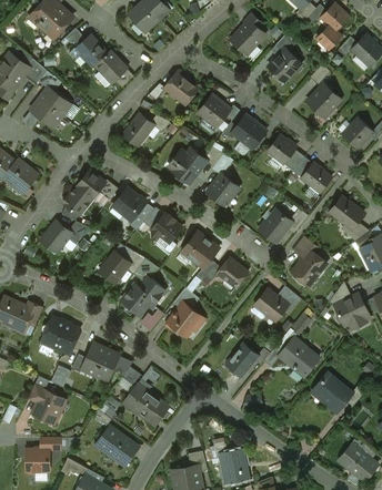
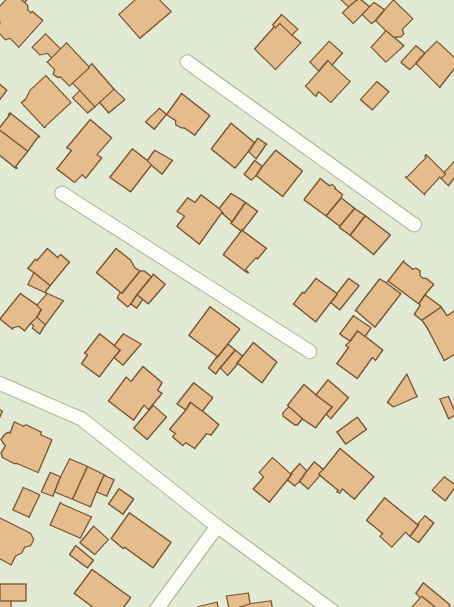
building: none -> [21,76,71,128]
building: [306,83,340,116] -> none
building: none -> [57,120,112,182]
building: [76,170,117,198] -> none
building: none -> [355,279,401,327]
building: [151,213,181,242] -> none
building: [333,295,369,325] -> none
building: none -> [50,502,91,538]

